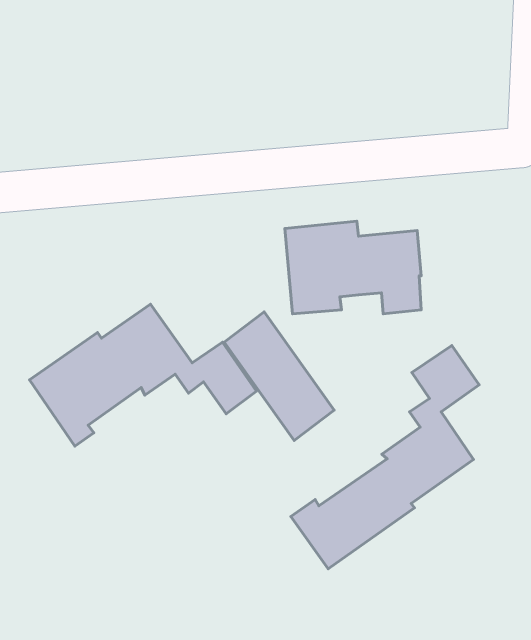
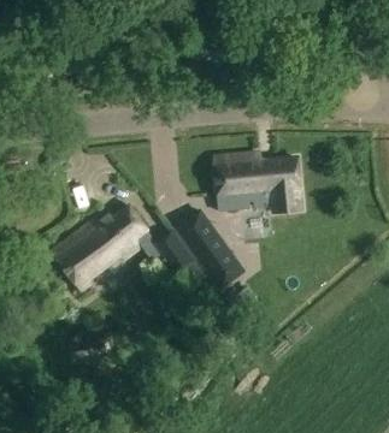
building: [291,346,479,569] -> none

